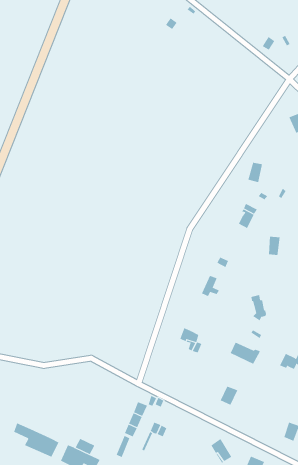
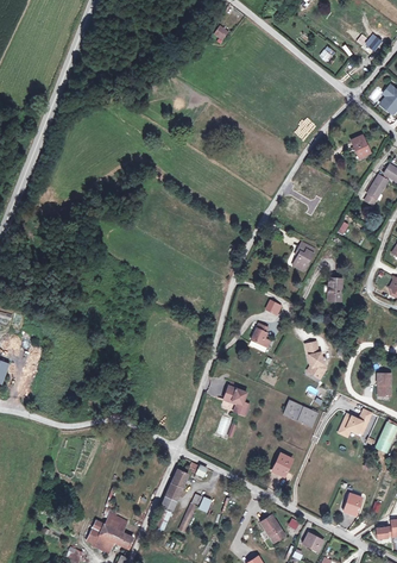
building: [13,422,59,458] -> none

